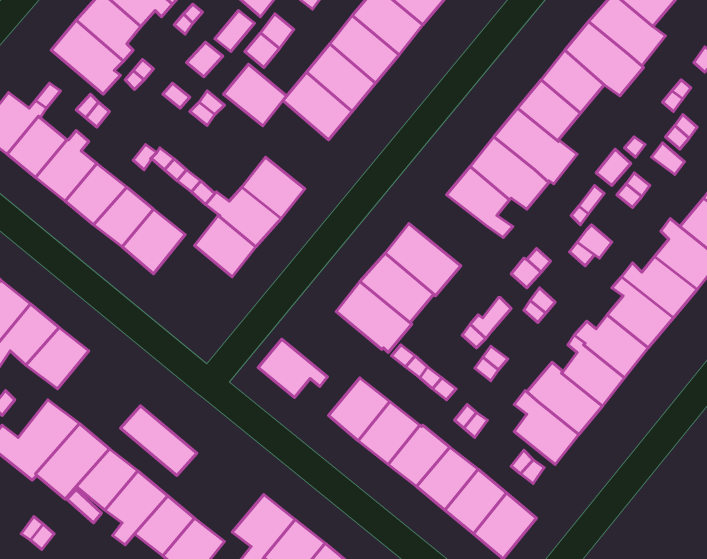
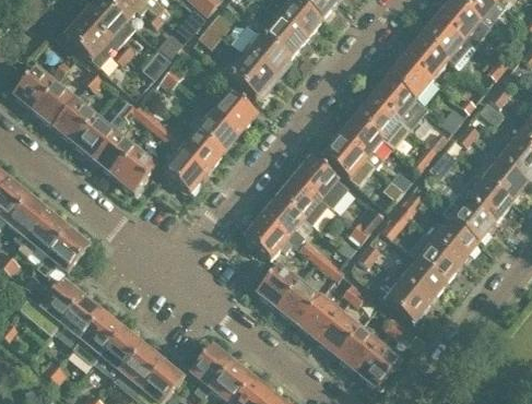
building: [223,64,286,126] -> [212,90,256,132]
building: none -> [321,136,366,179]
building: [258,339,328,397] -> [245,217,293,258]
building: [121,406,197,475] -> none

